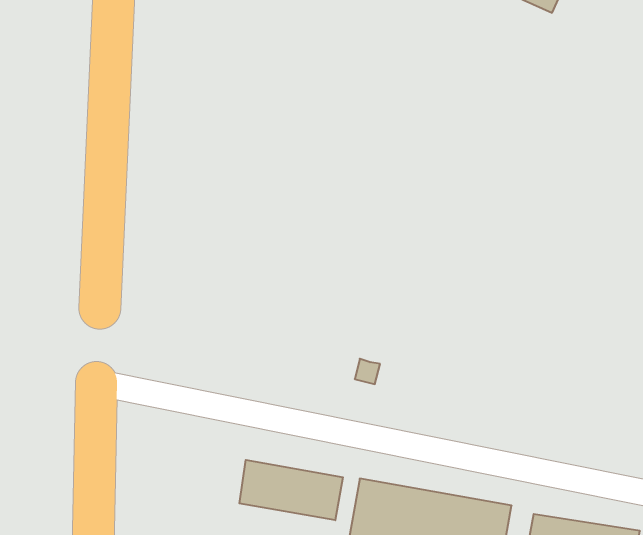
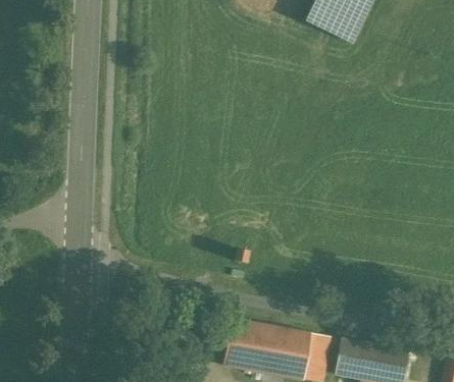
building: [239,460,343,520] -> none

